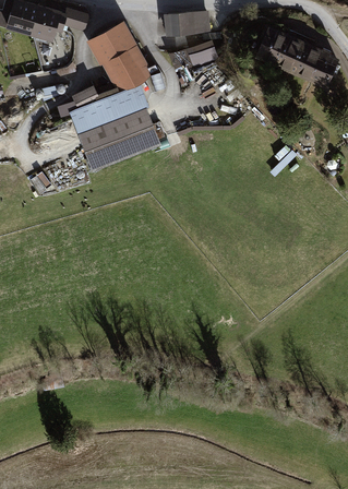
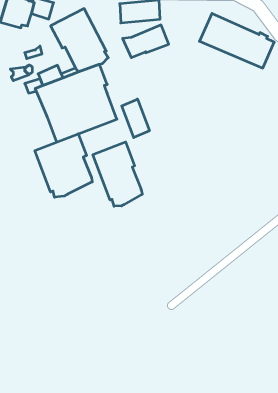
building: none -> [122,99,149,138]
building: none -> [35,134,92,197]
building: none -> [93,142,142,206]

